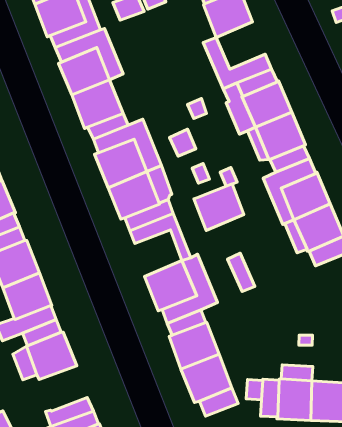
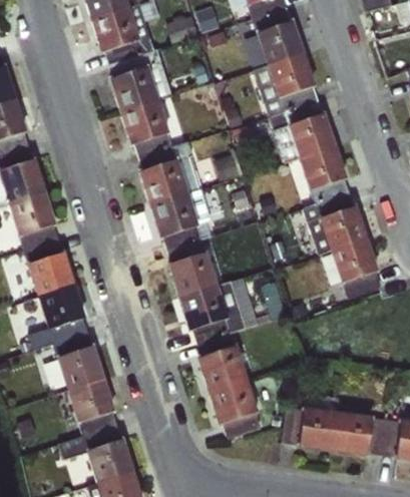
building: none -> [268,54,316,99]
building: [194,184,244,231] -> [169,254,218,298]
building: none -> [68,381,115,424]

